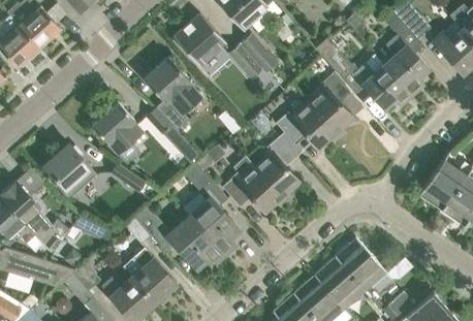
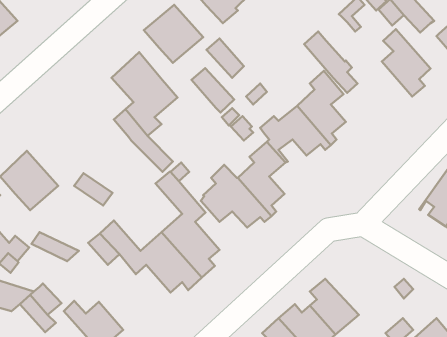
building: [240,34,278,73] -> [191,68,234,112]
building: [353,64,411,109] -> none
building: [91,102,143,154] -> none
building: [334,238,386,290] -> none
building: [123,249,176,303] -> none

